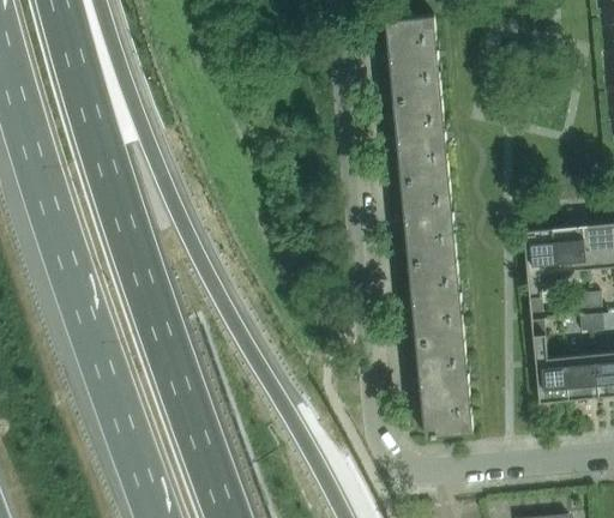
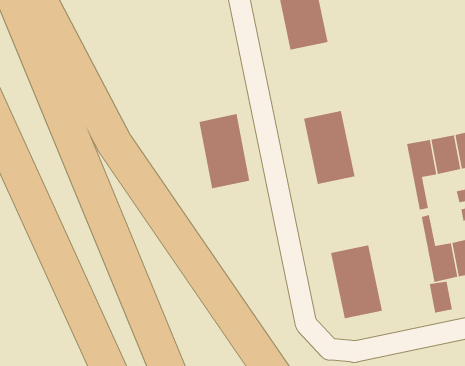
building: [393,97,449,186] -> [198,113,250,189]
building: [409,264,464,353] -> none
building: none -> [429,281,453,314]

